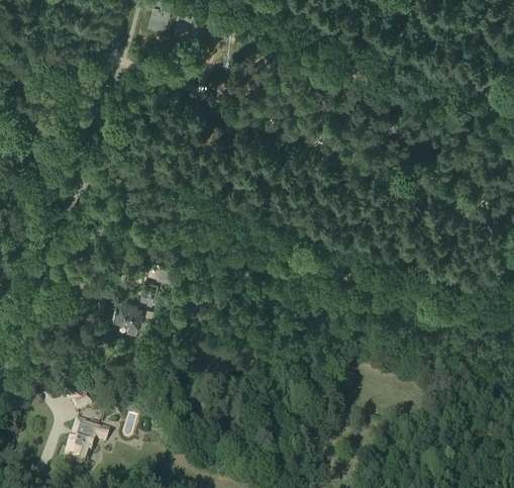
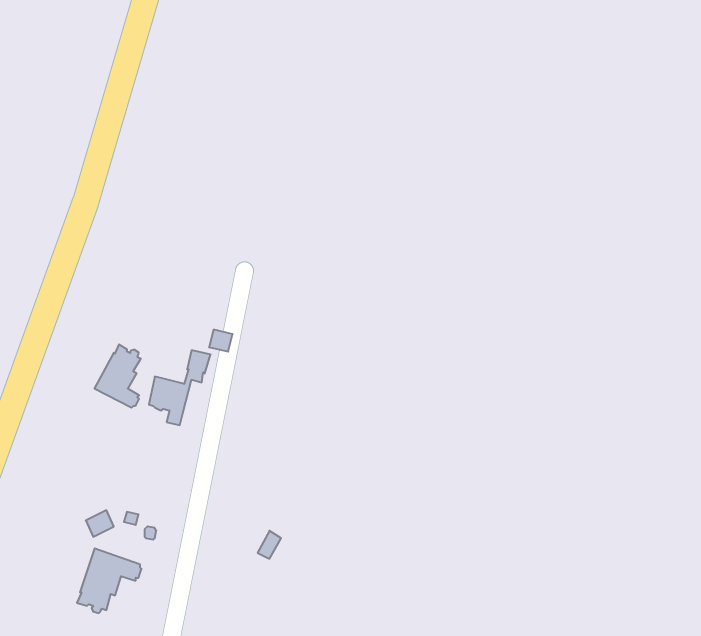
building: none -> [95,344,141,408]

